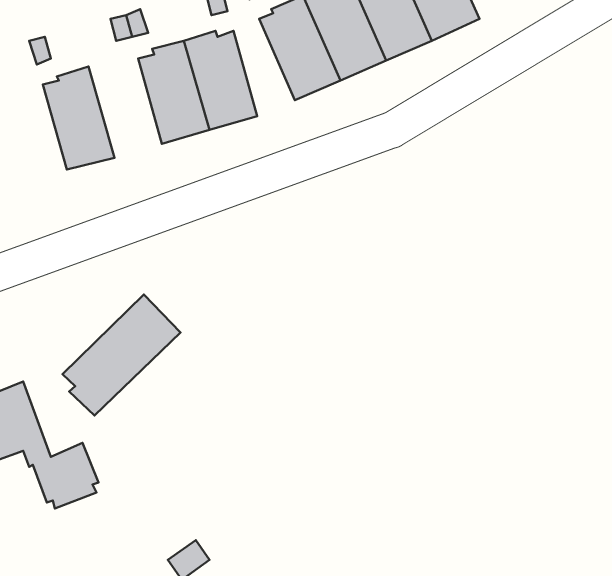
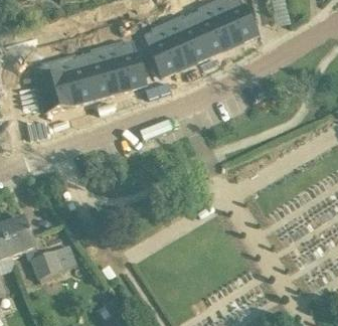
building: none -> [58,53,96,104]
building: [62,294,180,416] -> none

